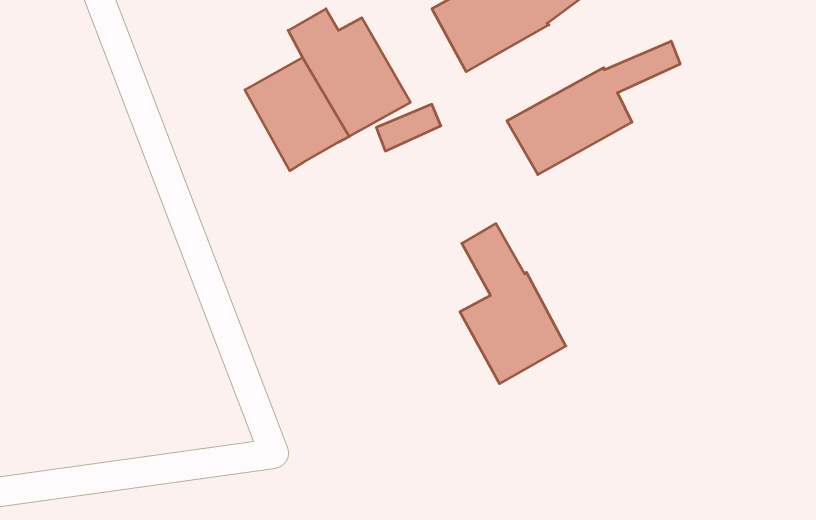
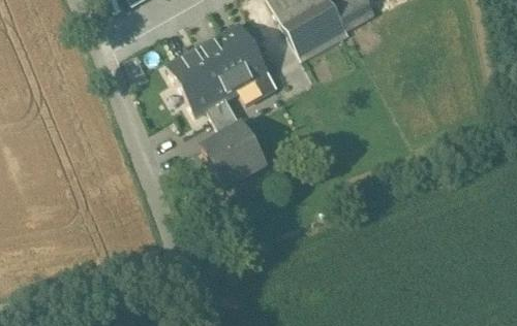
building: [507,41,680,175] -> none
building: [460,224,566,384] -> [204,95,265,187]

